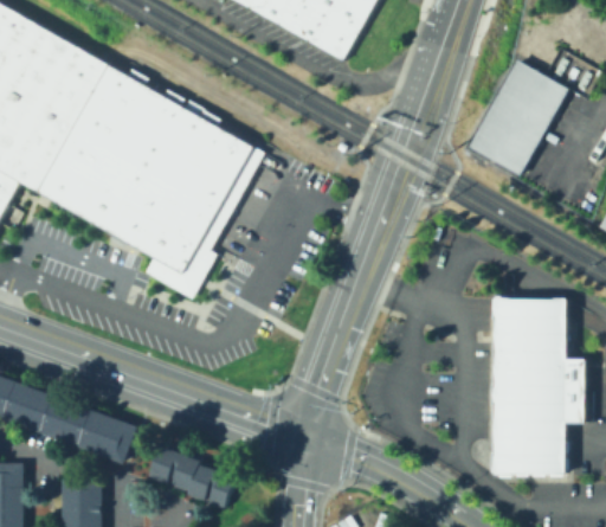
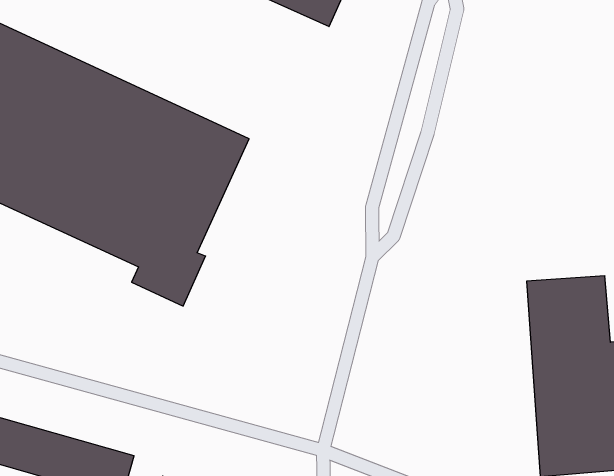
building: [470,60,573,176] -> none

